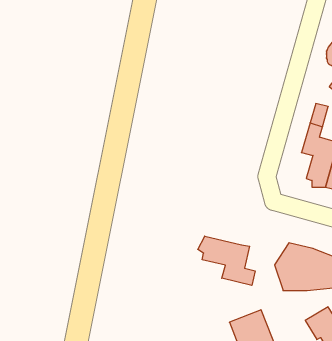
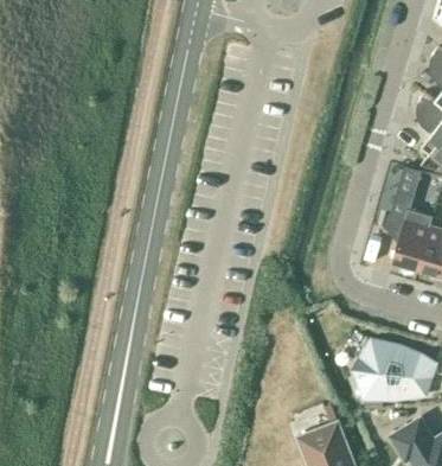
building: [198,236,255,285] -> none

